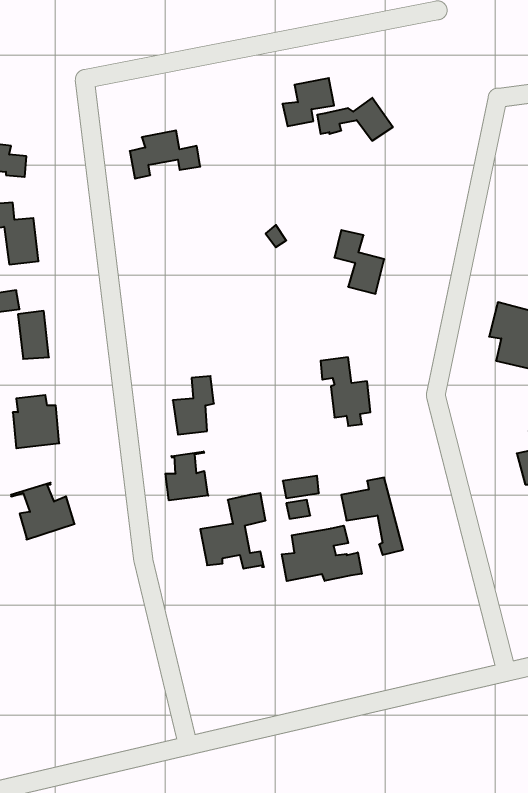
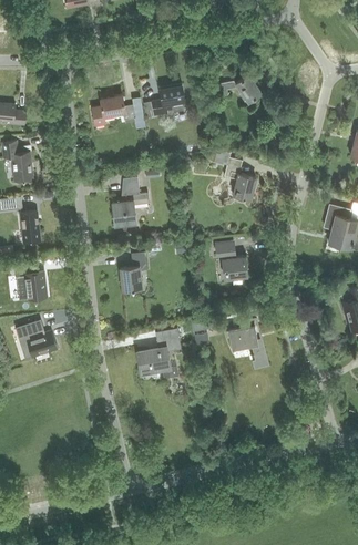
building: [282,78,334,126] -> [152,85,185,116]
building: none -> [112,178,147,227]
building: [165,451,208,500] -> none
building: [282,526,362,581] -> none

